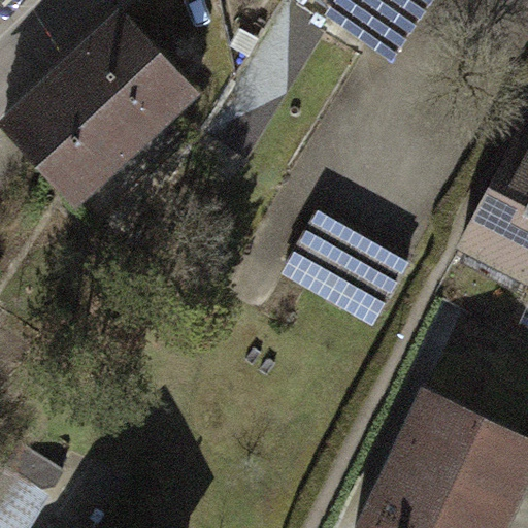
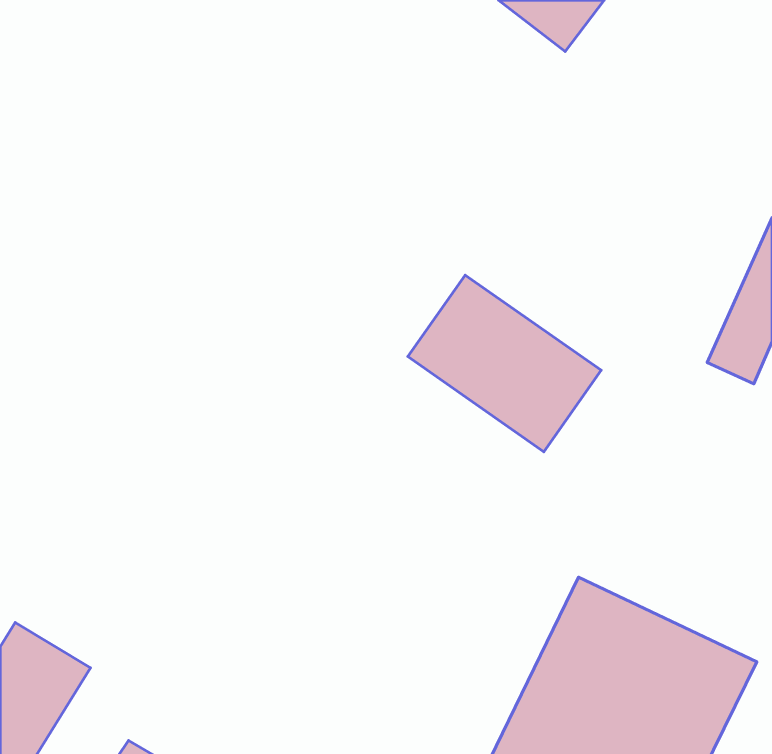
building: [18,28,193,225] -> none

